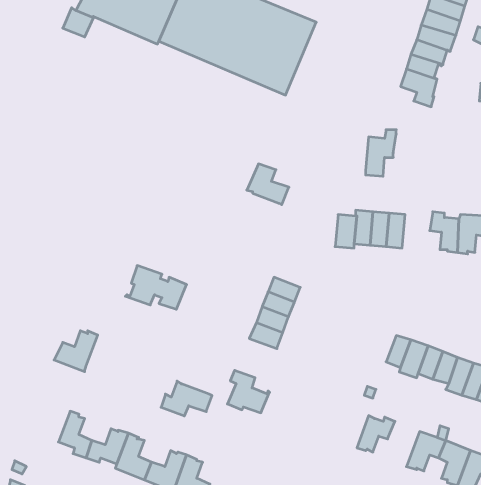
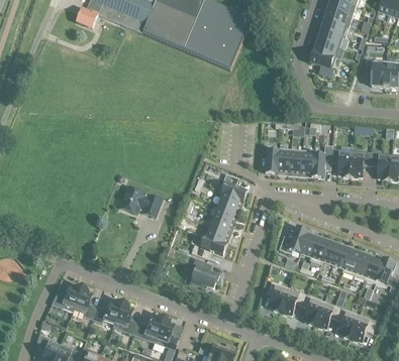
building: [366,130,396,176] -> [311,146,332,178]
building: [247,164,289,205] -> [218,174,247,203]
building: none -> [279,228,308,254]
building: [54,331,98,372] -> [51,284,81,313]
building: [161,381,212,416] -> [191,235,226,259]
building: none -> [267,281,289,313]
building: none -> [301,294,323,326]

